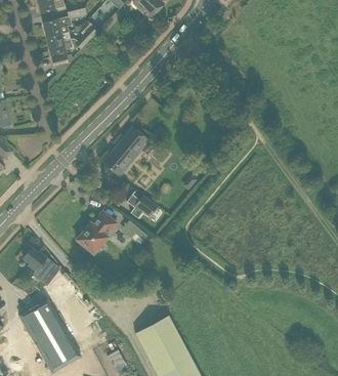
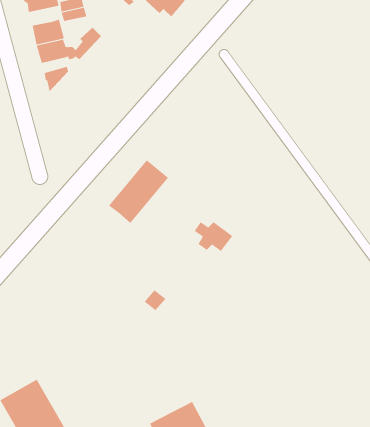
building: [127,195,158,218] -> [194,222,233,252]
building: [76,212,117,253] -> none
building: [23,248,53,281] -> none

